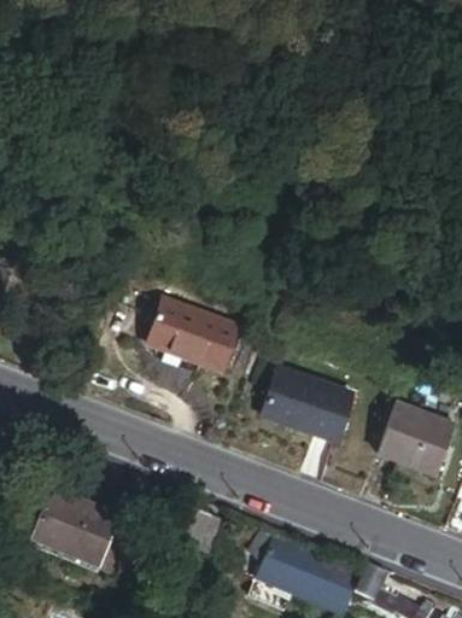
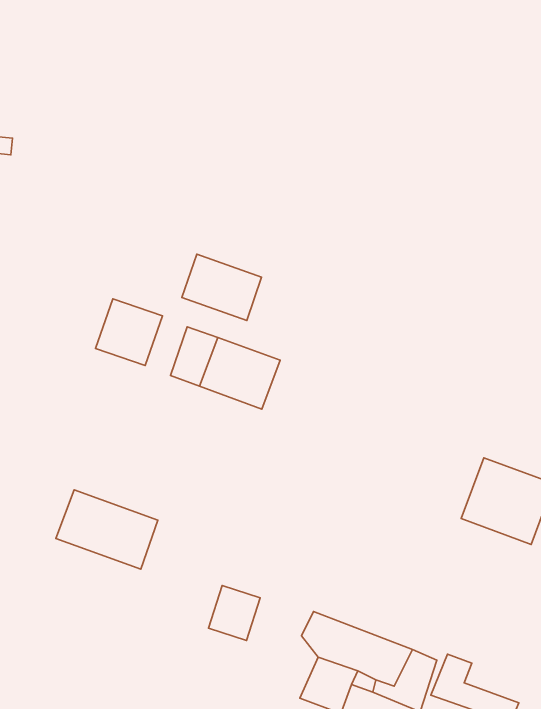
building: none -> [182,254,262,320]
building: none -> [96,299,163,365]
building: [263,374,357,448] -> none
building: [35,489,116,552] -> [56,490,158,569]

